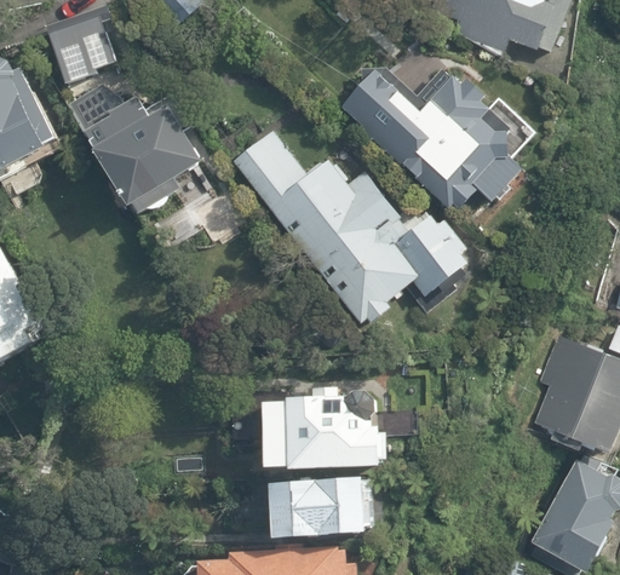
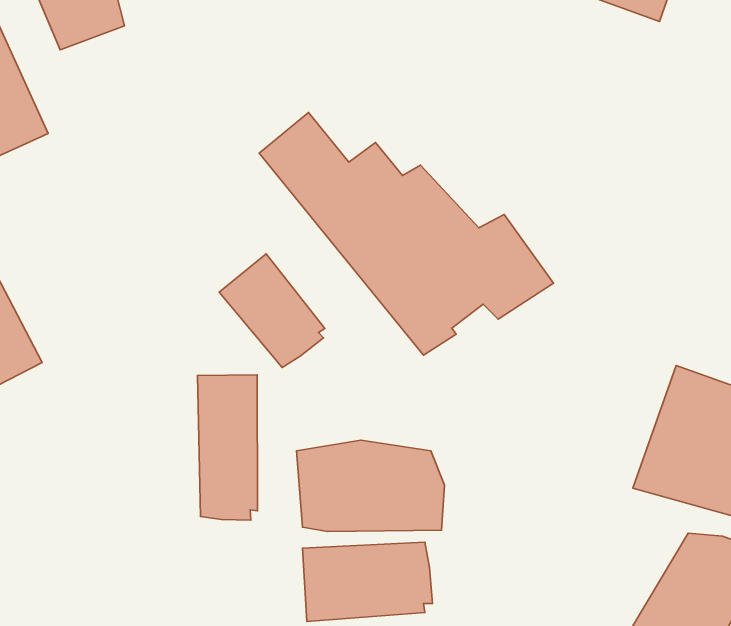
building: [343,65,534,219] -> none
building: [81,77,207,209] -> none
building: none -> [219,254,325,368]
building: none -> [197,375,258,520]

